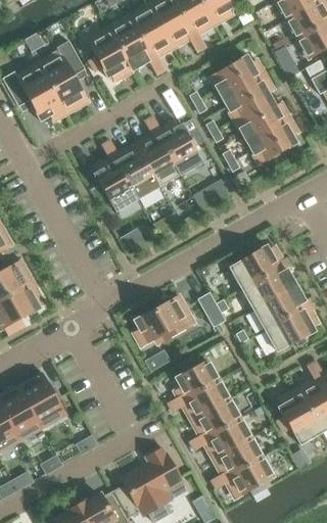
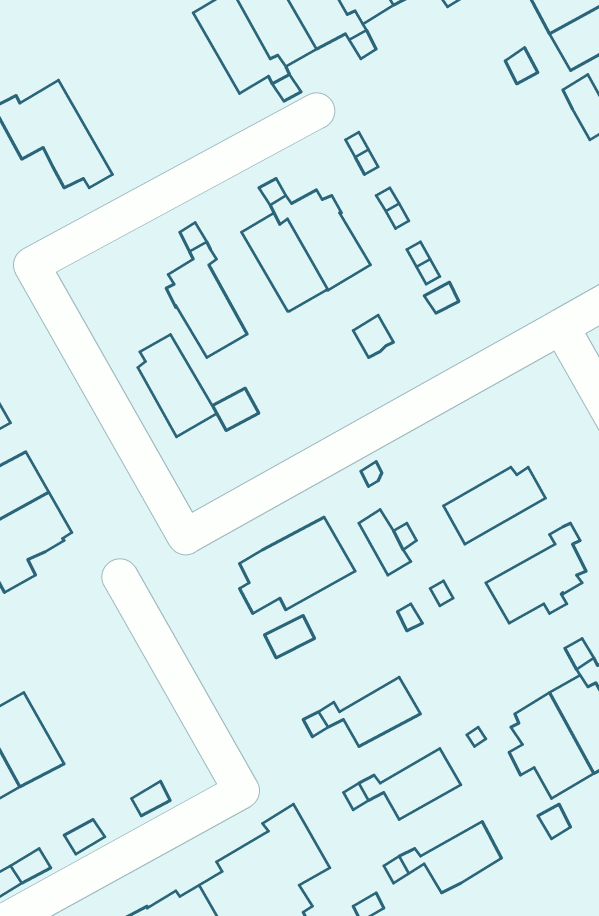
building: [86,28,133,81] -> none
building: [37,41,88,113] -> none
building: [209,55,297,163] -> none
building: [116,144,158,198] -> [138,335,217,437]
building: [229,245,291,289] -> none
building: [252,285,305,330] -> none
building: [174,360,218,398] -> none
building: [18,375,63,426] -> none
building: [196,399,239,436] -> none
building: [218,437,262,475] -> none

